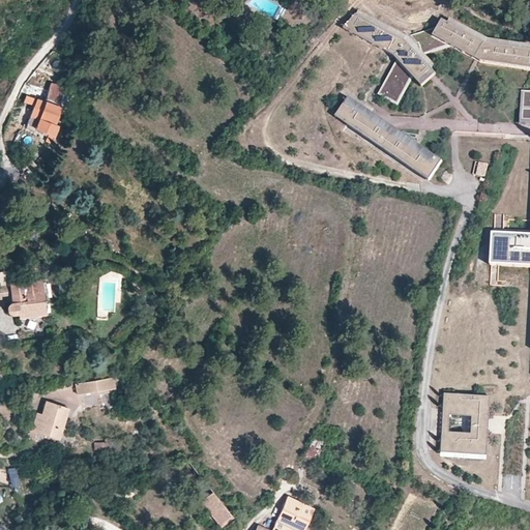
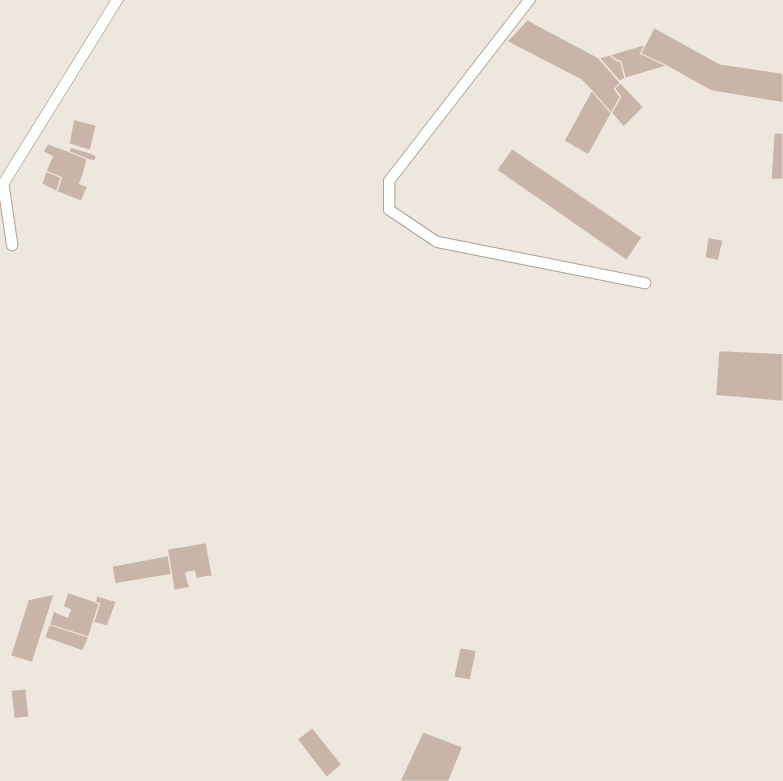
building: [346,96,442,180] -> none
building: [7,279,47,317] -> none
building: none -> [168,542,212,590]
building: [440,392,488,453] -> none
building: none -> [11,594,54,662]

